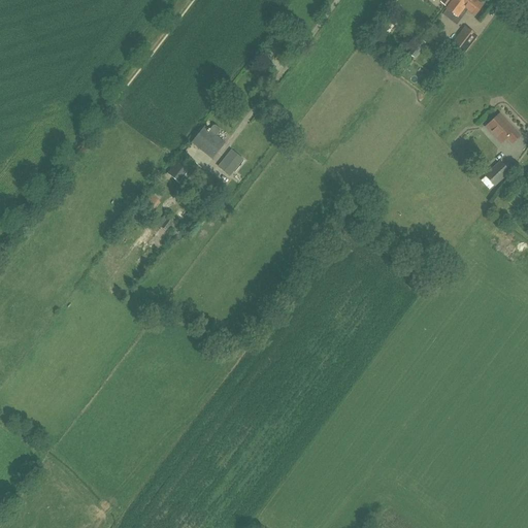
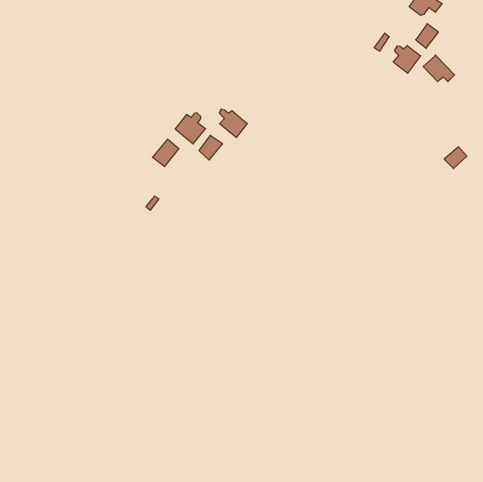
building: none -> [393,45,421,73]
building: [485,112,519,141] -> [423,55,455,82]
building: none -> [220,109,247,138]

